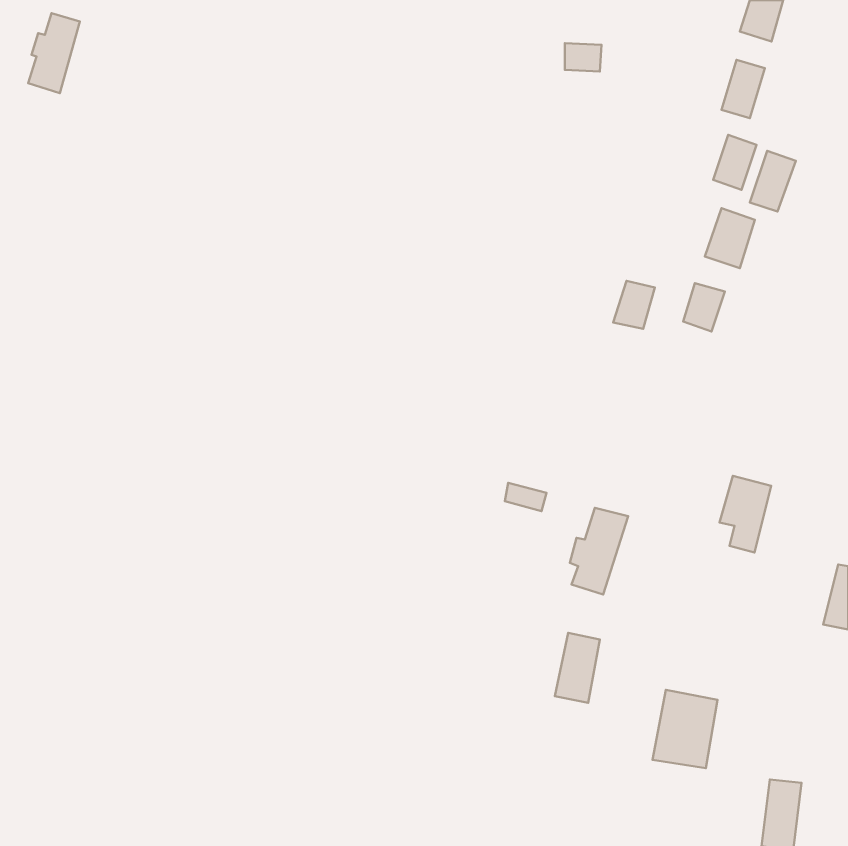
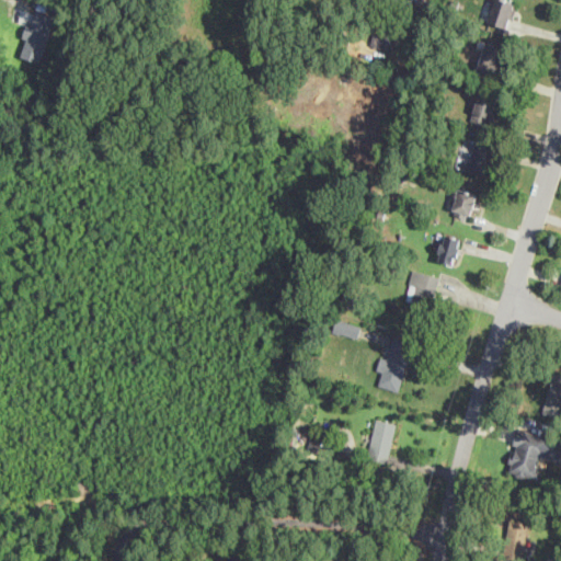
building: [750,151,796,212] -> none
building: [613,281,655,329] -> [434,236,461,267]
building: [720,476,771,553] -> [403,272,437,322]
building: [653,690,718,768] -> [505,431,548,482]

